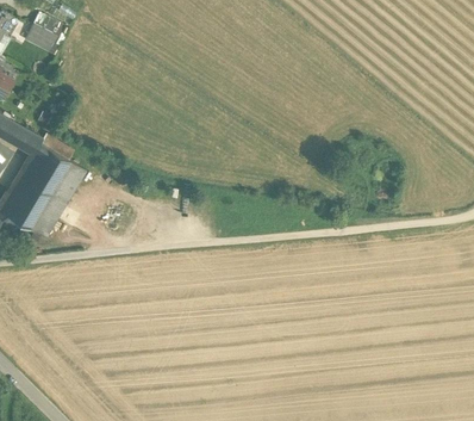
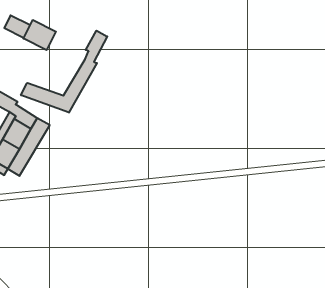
building: none -> [23,20,56,50]
building: none -> [21,31,107,113]

